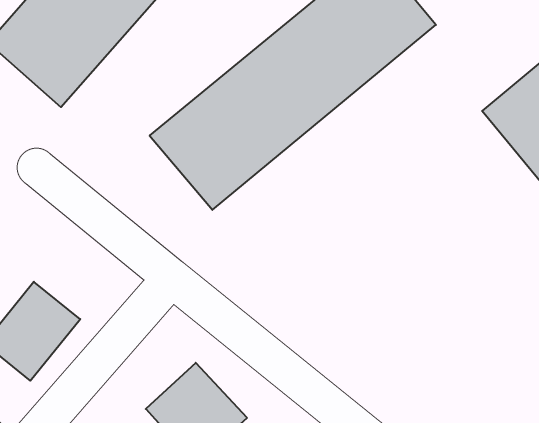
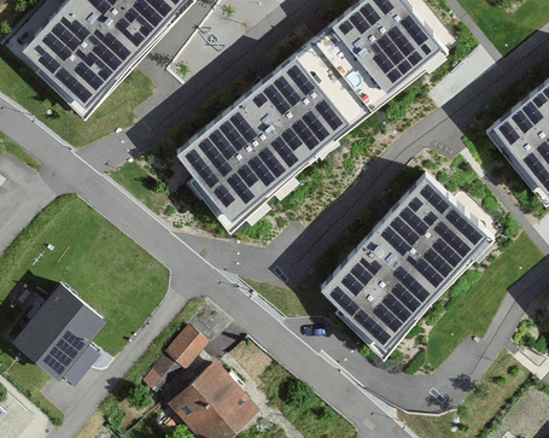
building: none -> [325,177,498,356]
building: none -> [144,327,205,390]

